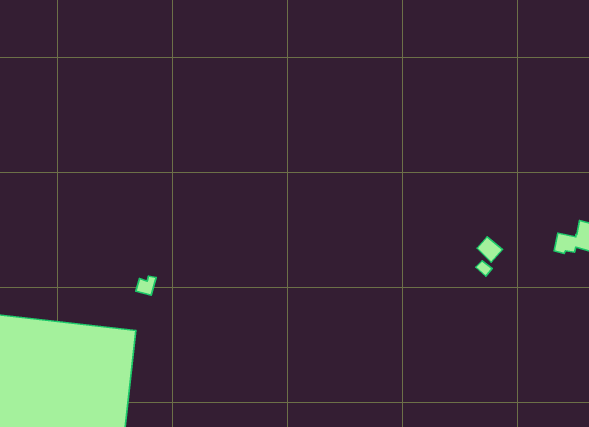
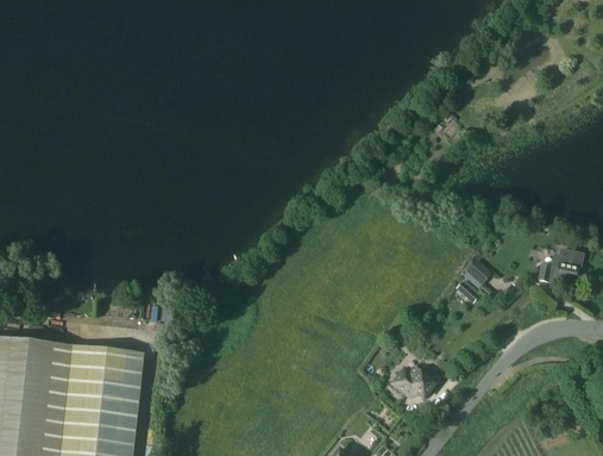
building: none -> [391,366,435,396]

